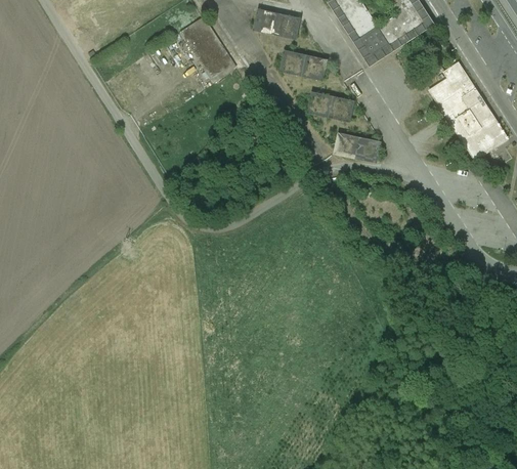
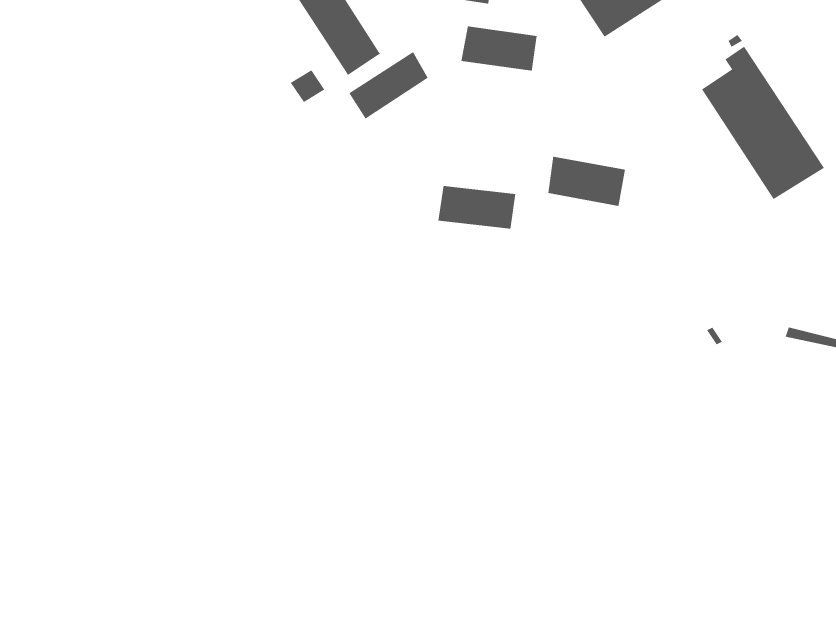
building: none -> [348,51,429,119]
building: [309,92,357,119] -> [438,186,516,229]

